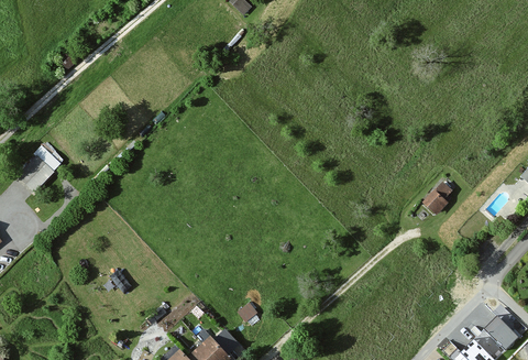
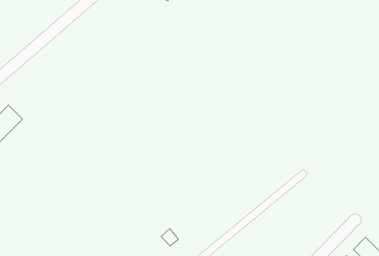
building: [420,183,450,218] -> none

